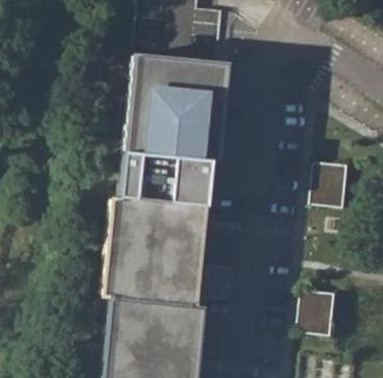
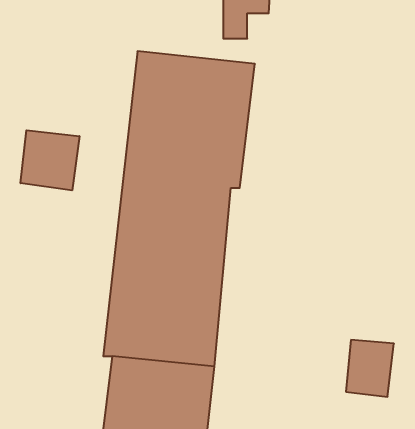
building: none -> [21,130,79,190]
building: [311,163,349,208] -> none

